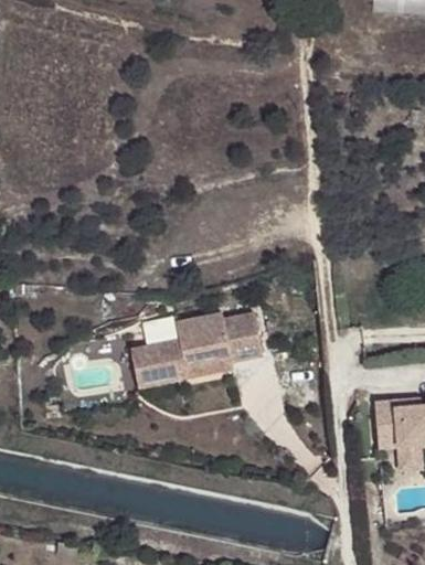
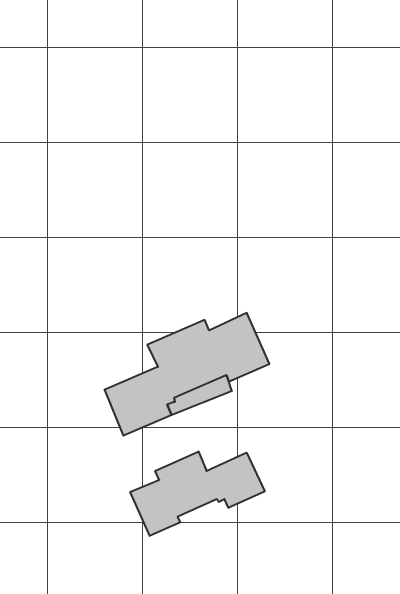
building: none -> [130,451,265,536]

